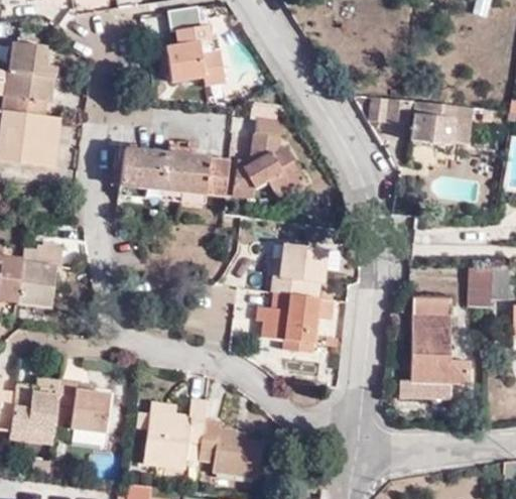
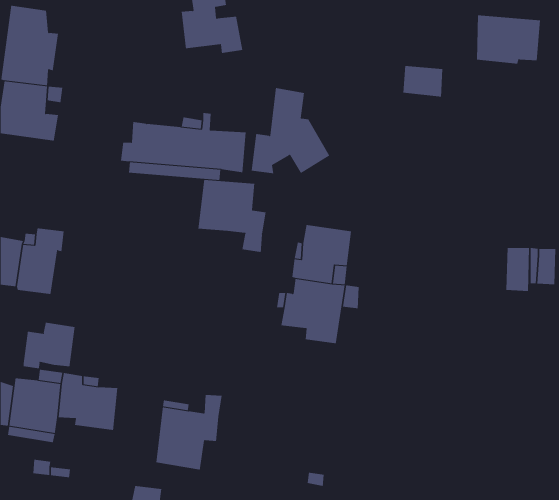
building: [412,101,472,146] -> [476,15,541,64]
building: none -> [198,179,266,253]
building: [400,296,469,396] -> none
building: none -> [23,322,75,369]
building: [199,420,261,479] -> none

